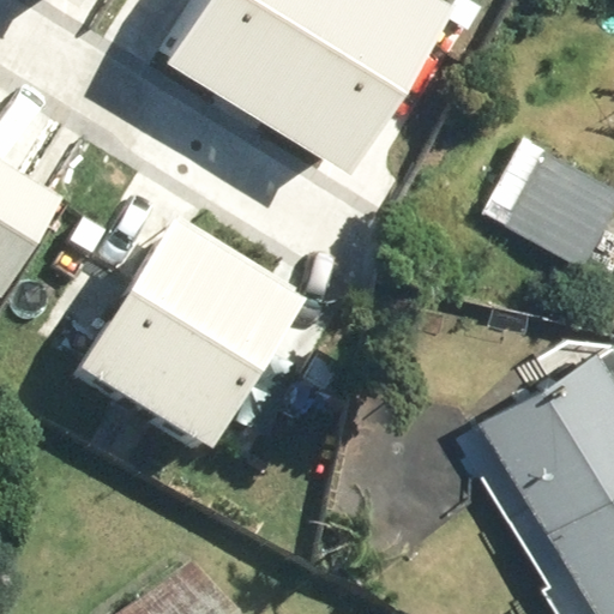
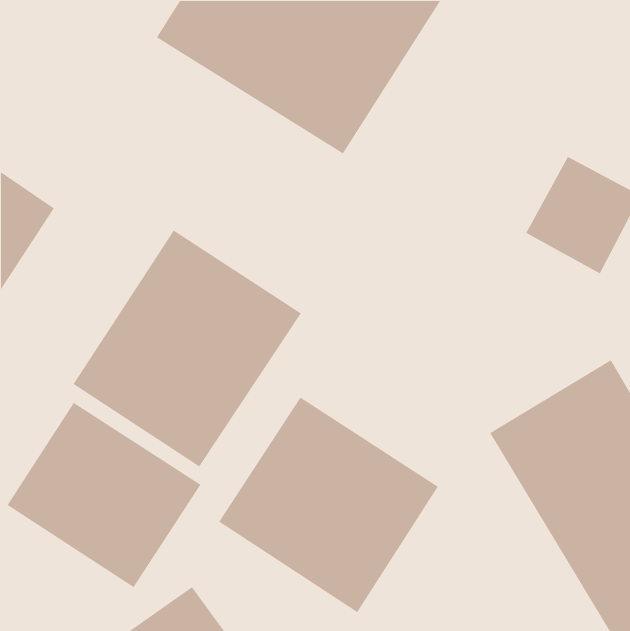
building: none -> [218,396,439,613]
building: none -> [6,402,202,588]

